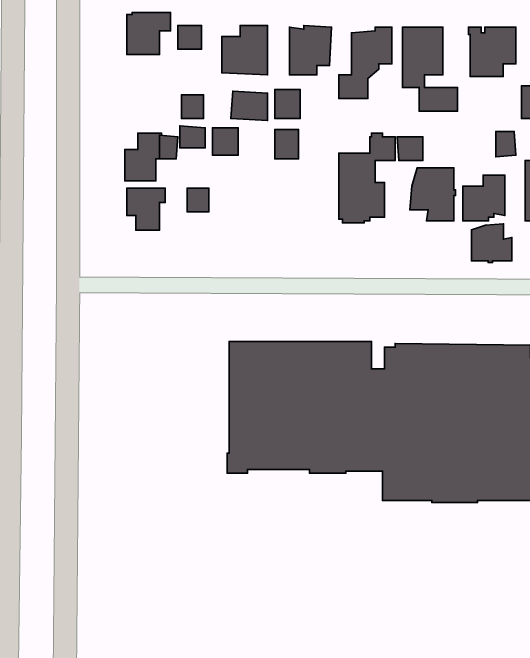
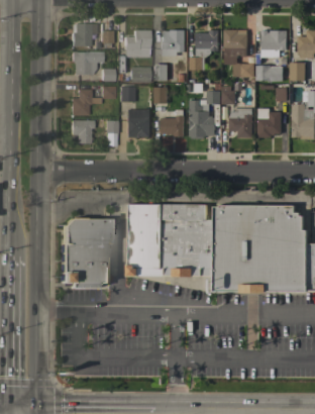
building: none -> [72,50,102,74]
building: none -> [255,66,283,82]
building: none -> [126,108,149,137]
building: none -> [161,110,184,136]
building: [472,224,512,262] -> none
building: none -> [61,217,110,288]

